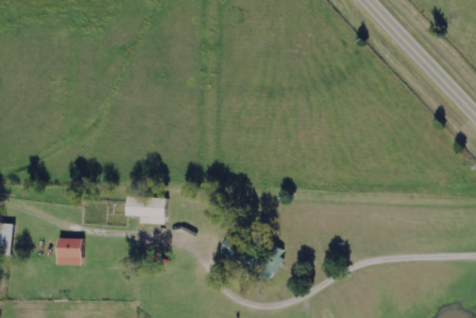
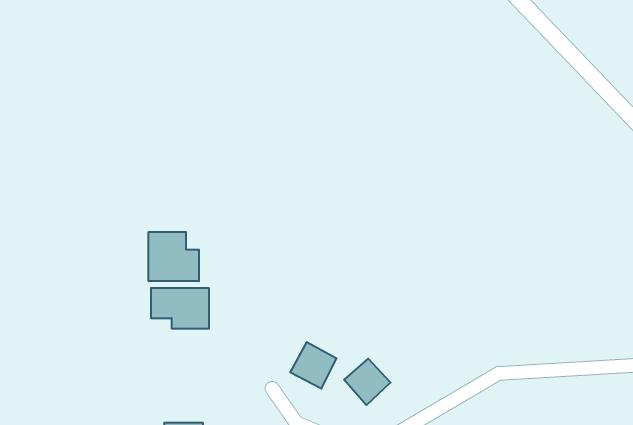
building: none -> [149,232,199,281]
building: [58,238,82,265] -> none

